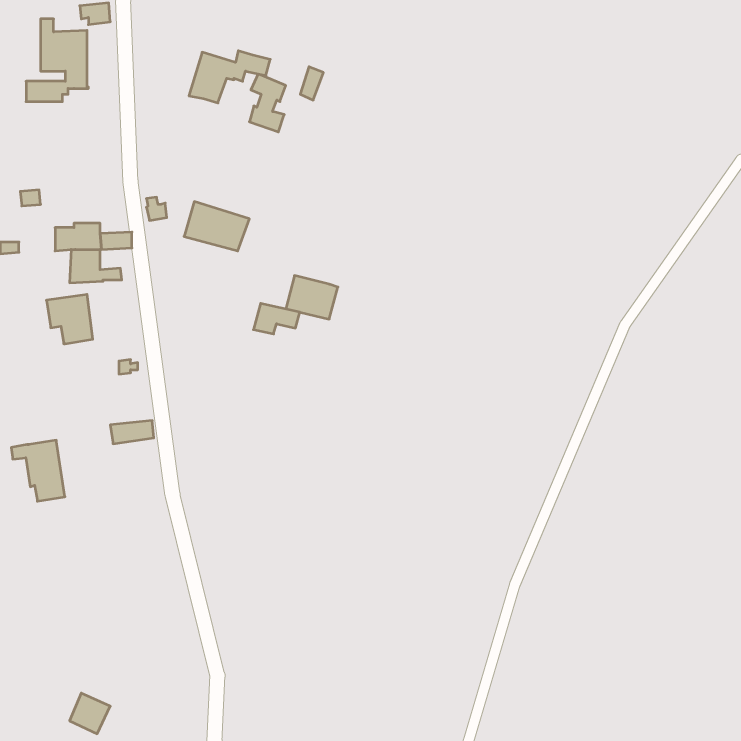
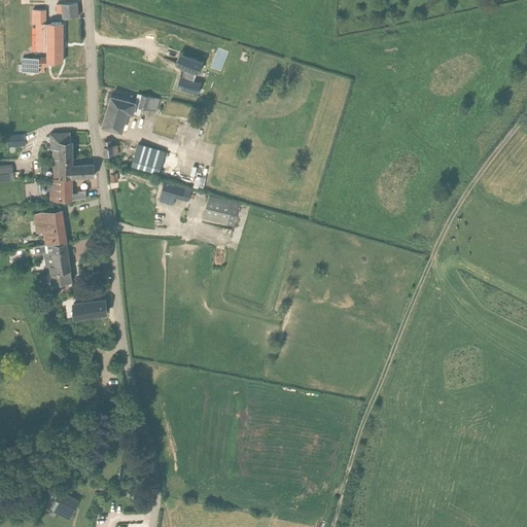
building: [189,51,270,103] -> [102,94,160,131]
building: none -> [50,133,71,159]
building: [253,303,300,334] -> [159,183,191,205]
building: [11,440,65,501] -> [34,241,72,284]

